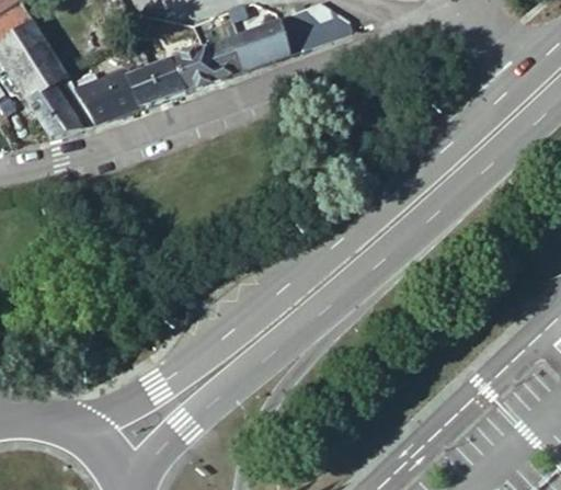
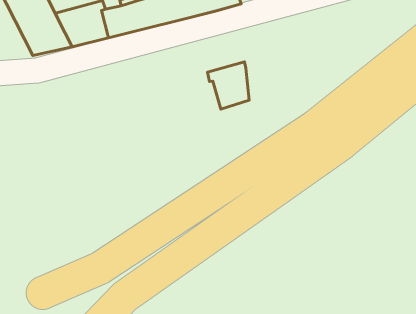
building: none -> [207,62,249,109]

